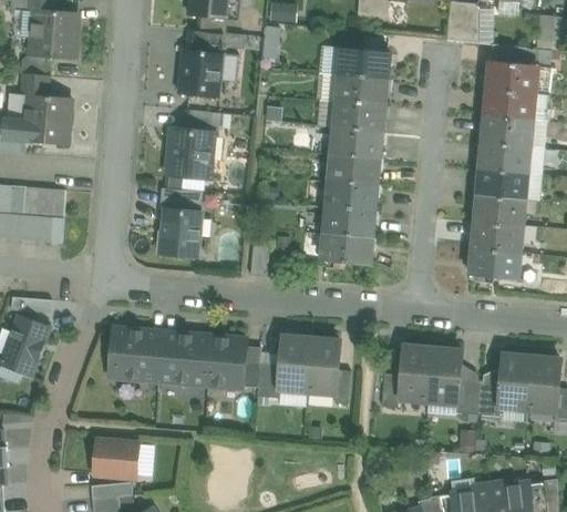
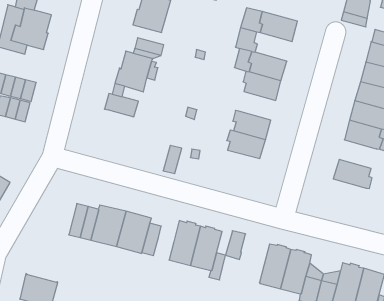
building: [338,75,386,106] -> none
building: [330,155,379,186] -> none
building: [474,195,523,226] -> none
building: [158,209,200,257] -> none
building: [322,234,371,265] -> none
building: [468,248,518,279] -> none
building: [109,329,146,380] -> none
building: [256,363,279,399] -> none
building: [380,373,401,409] -> [226,231,246,259]

